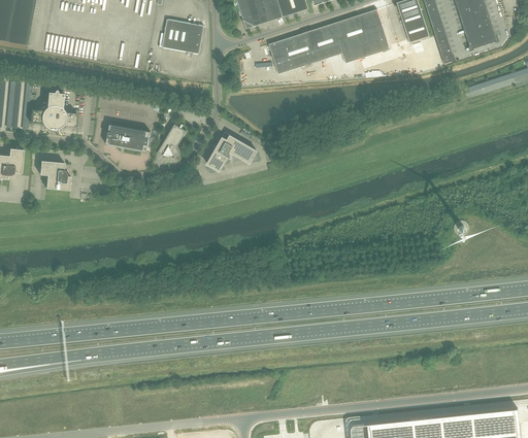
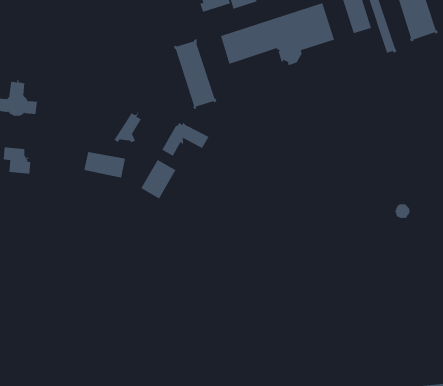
building: [161,20,203,54] -> none
building: none -> [173,38,217,110]
building: [105,125,150,153] -> [84,152,126,178]
building: none -> [140,159,176,199]

